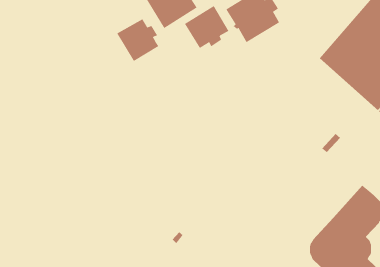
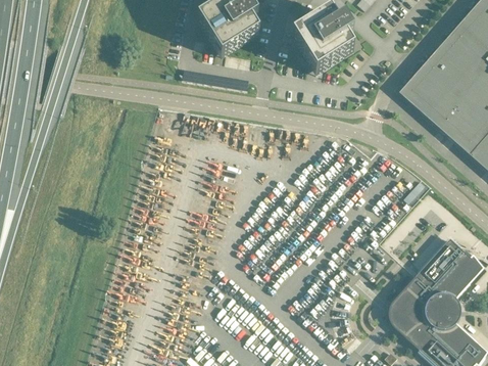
building: [184,5,229,49] -> none
building: [117,18,159,62] -> none

